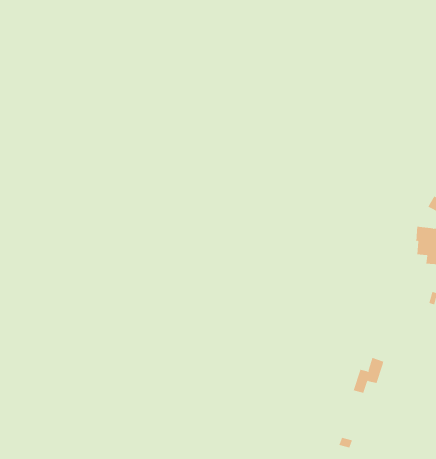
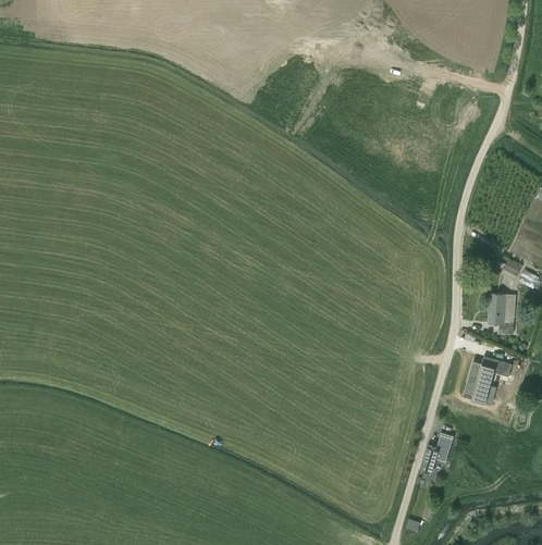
building: none -> [463,357,497,404]

